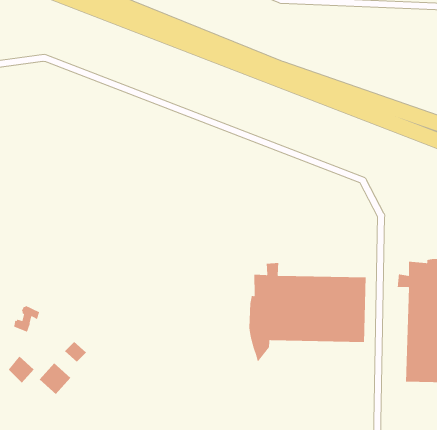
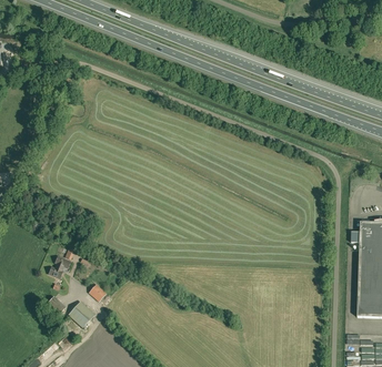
building: [248,262,367,363] -> none

